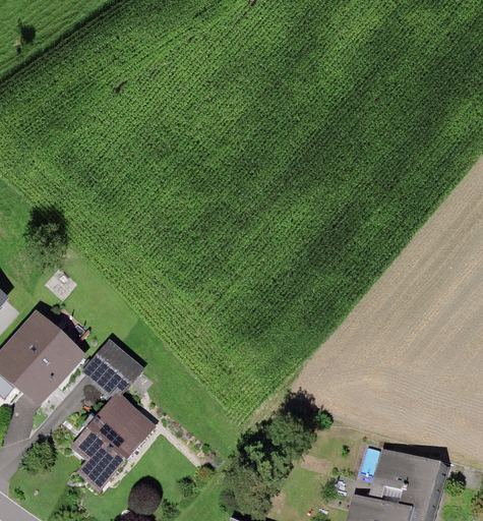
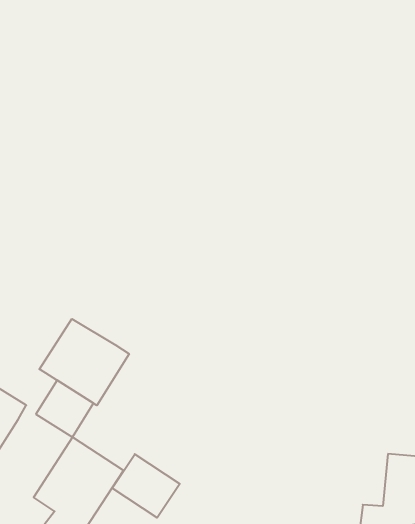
building: none -> [39,319,129,405]
building: none -> [112,454,180,518]

